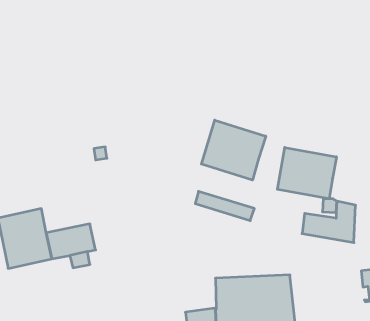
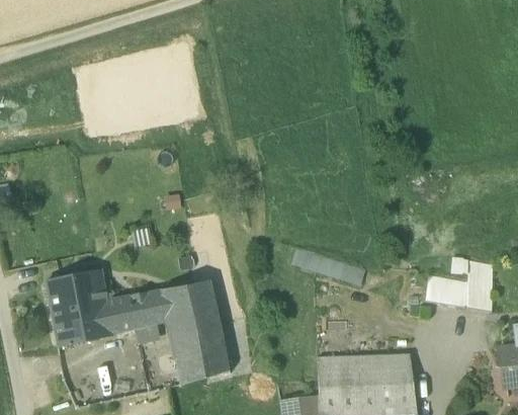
building: [201,120,266,180] -> none
building: [277,147,336,199] -> none
building: none -> [161,279,228,384]

